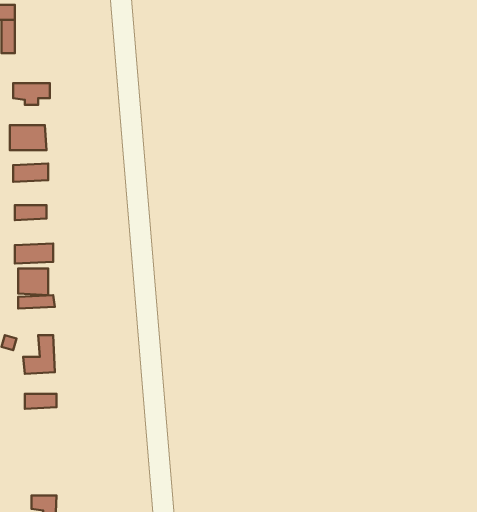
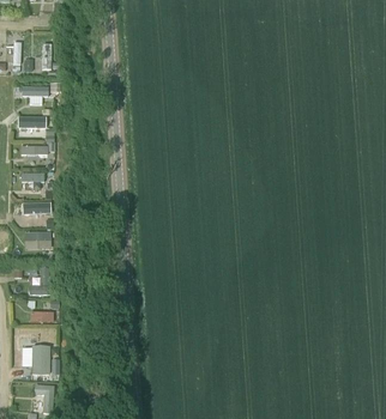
building: none -> [31,342,49,374]

